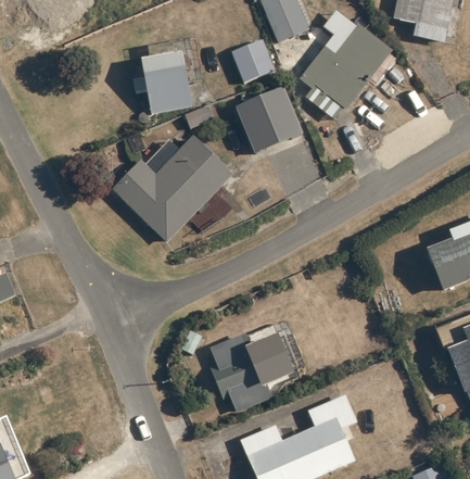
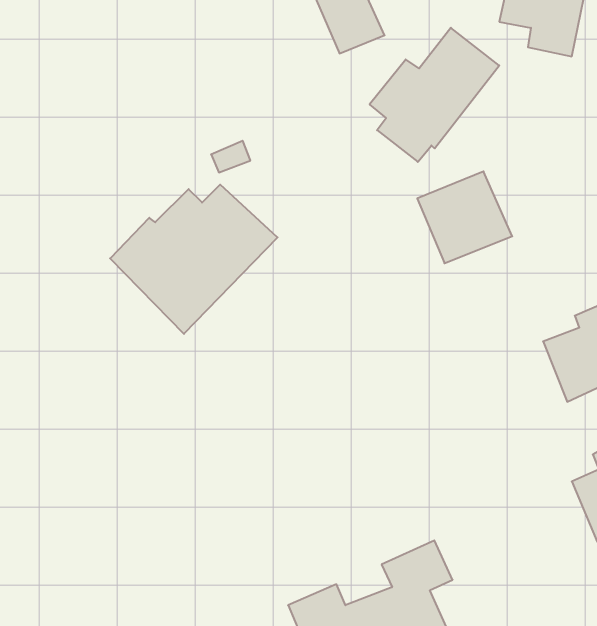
building: [232,39,276,81] -> none
building: [134,53,192,114] -> none
building: [236,87,304,153] -> [417,171,512,263]
building: [209,332,296,412] -> none

